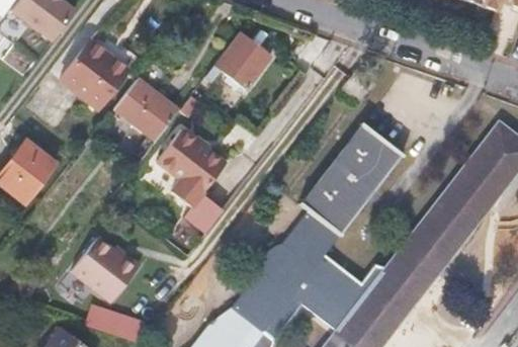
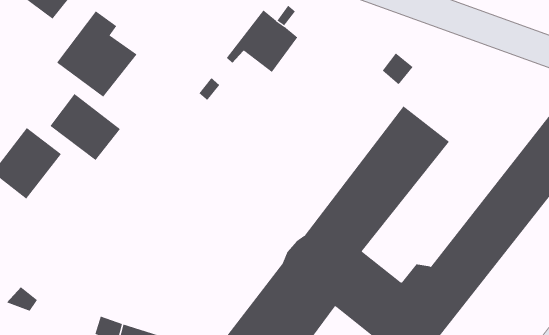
building: [115,81,179,142] -> [49,93,121,161]
building: [158,131,227,234] -> none
building: [68,230,143,306] -> none

